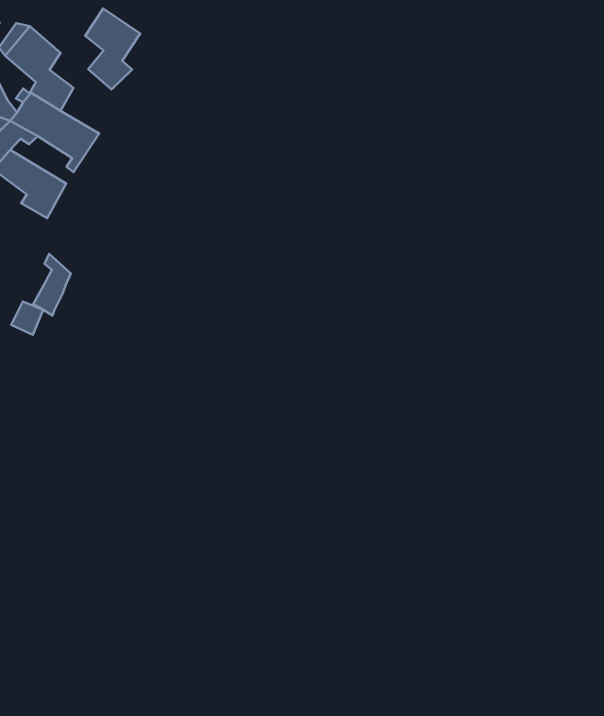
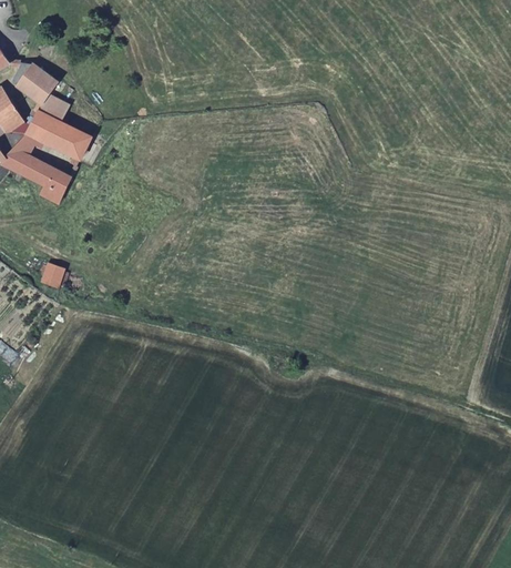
building: [85,9,140,89] -> none
building: [33,254,71,315] -> none

